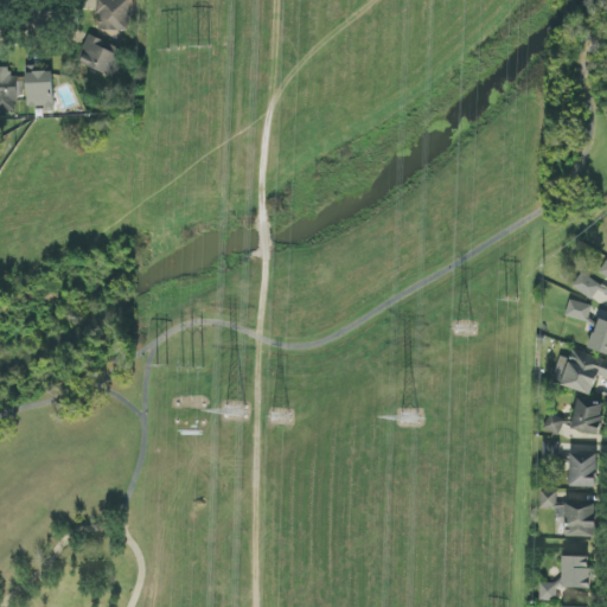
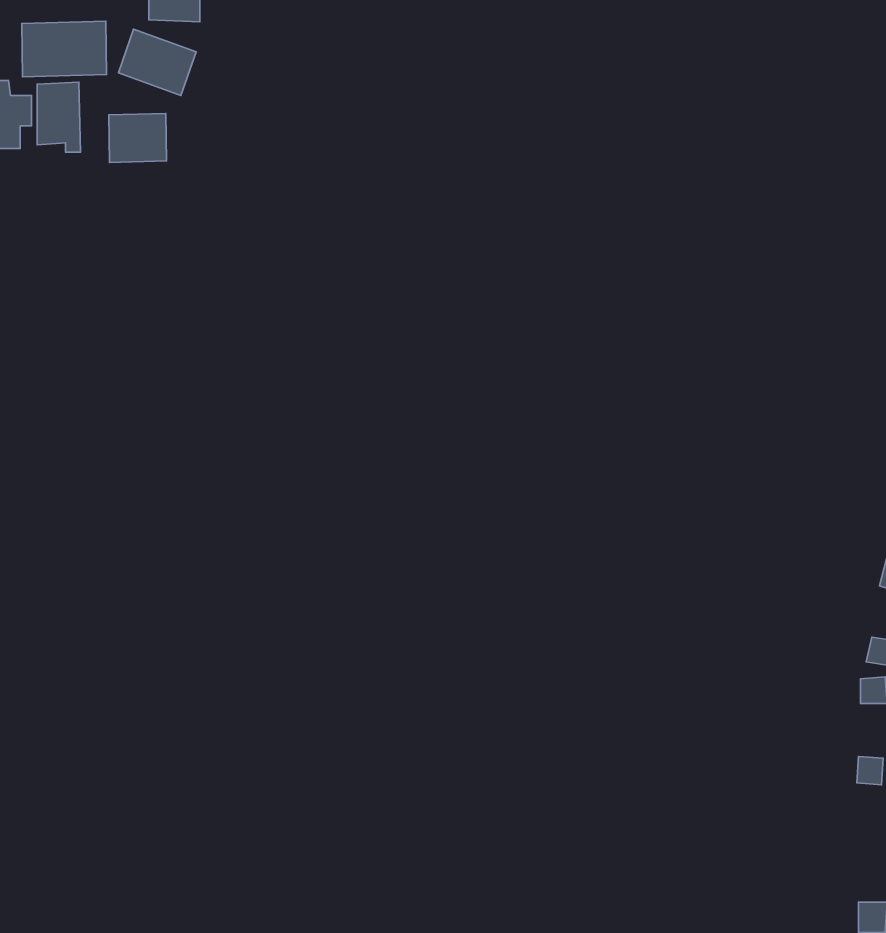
building: none -> [22,21,106,77]
building: none -> [109,113,167,162]

